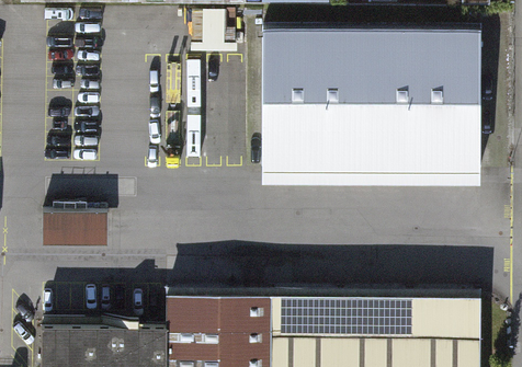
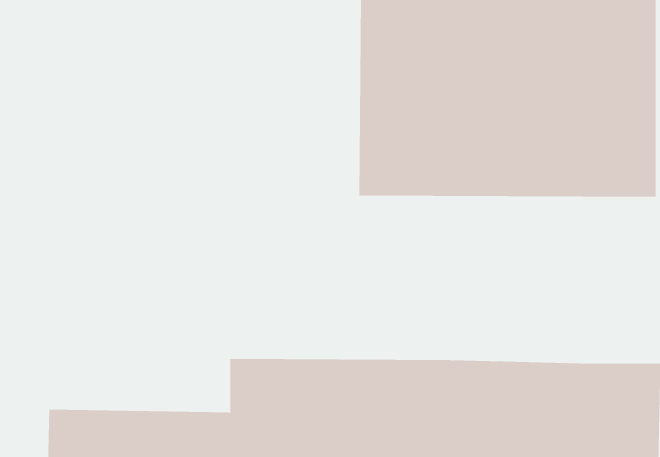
building: [43,215,107,246] -> none

